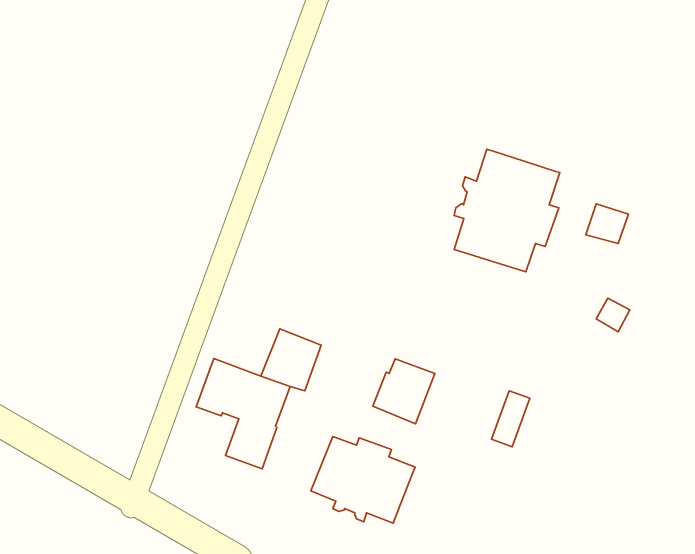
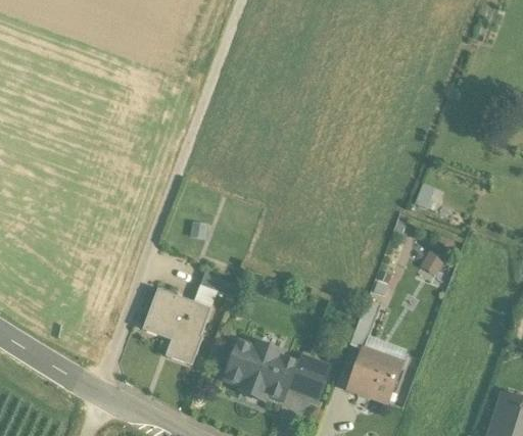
building: [454,149,560,272] -> none
building: [373,359,435,424] -> [286,357,329,402]
building: none -> [349,356,401,402]

